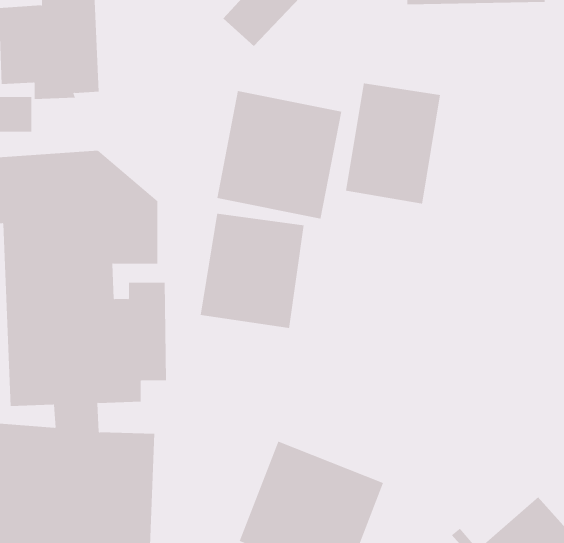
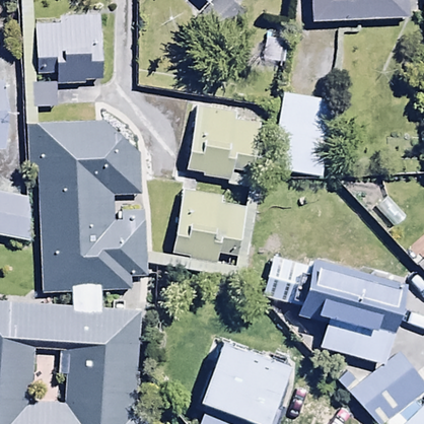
building: none -> [291,257,408,364]

